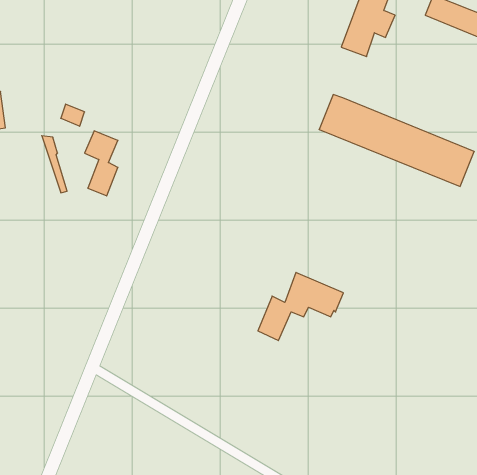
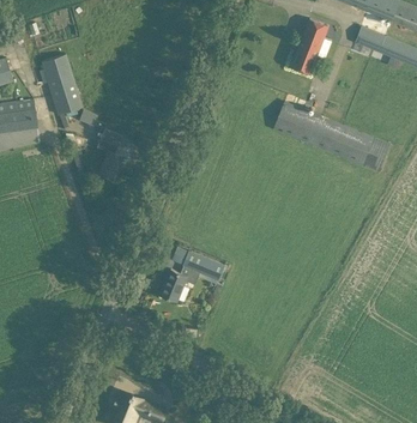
building: none -> [37,55,80,129]
building: [258,272,343,341] -> [159,252,224,303]

